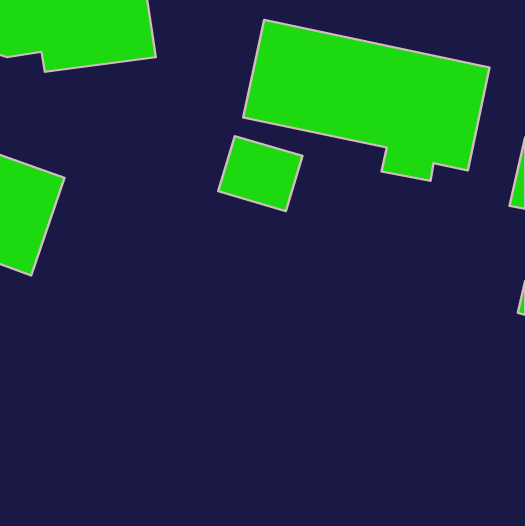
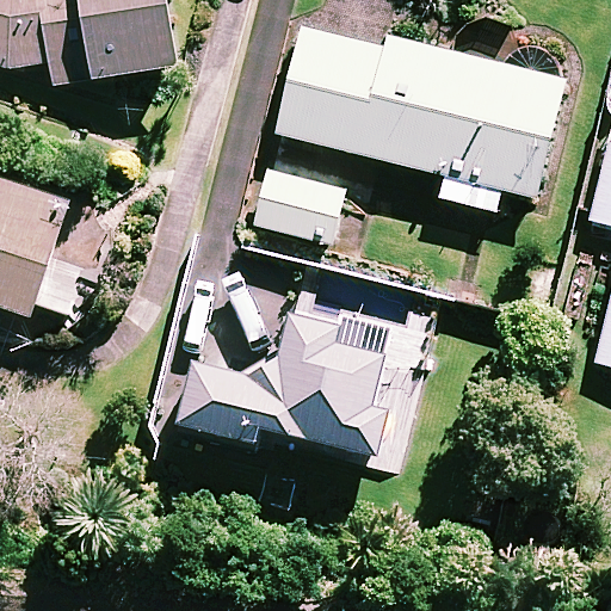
building: none -> [180,316,395,456]

